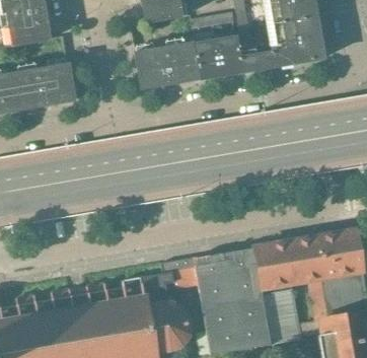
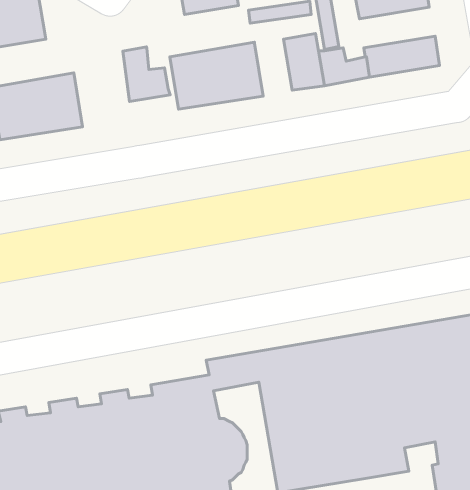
building: [268,17,320,46] -> none
building: [195,40,221,79] -> none
building: none -> [123,47,170,101]

